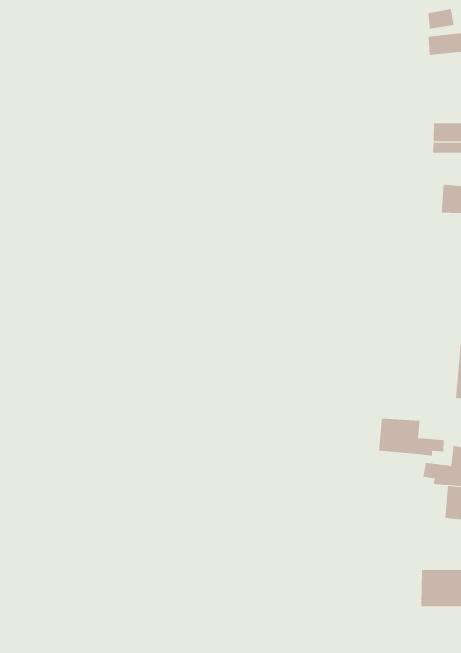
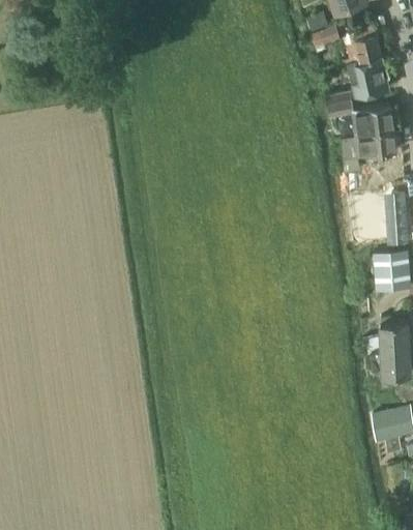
building: [378,418,444,457] -> none

